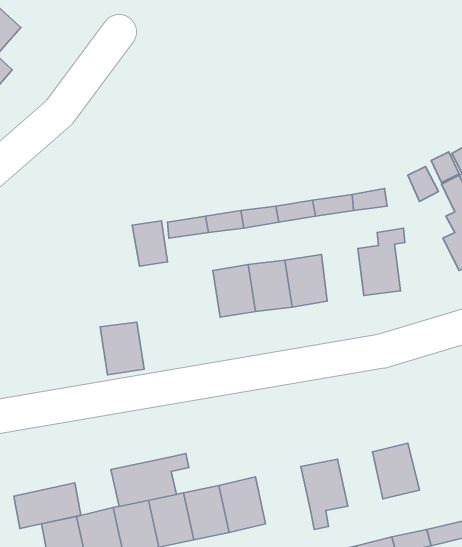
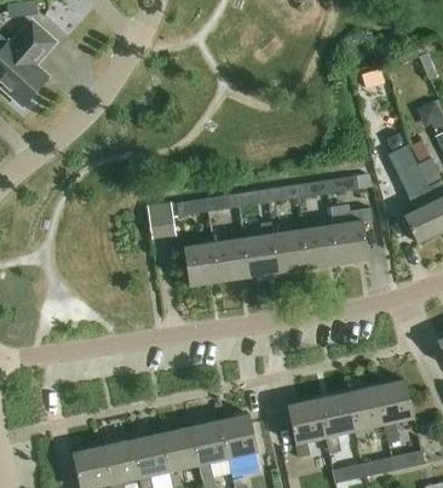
building: none -> [303,224,338,268]
building: [100,322,144,375] -> [183,242,219,286]
building: none -> [374,379,413,443]
building: none -> [316,392,353,437]
building: [111,453,189,506] -> none
building: [14,483,81,528] -> none

